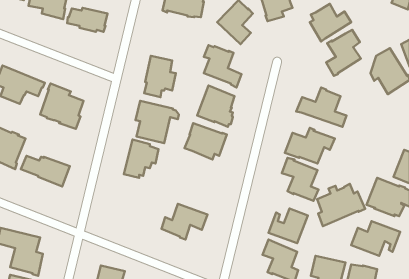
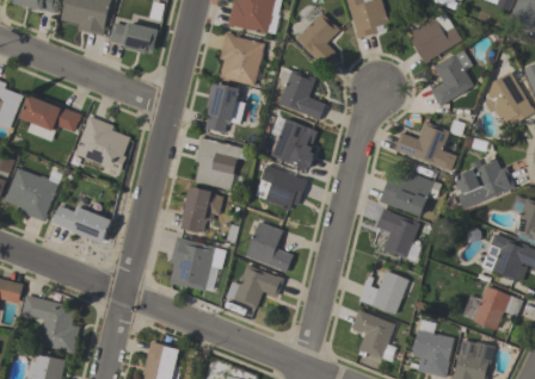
building: none -> [219,32,264,86]
building: none -> [245,222,293,272]
building: none -> [168,236,225,291]
building: [317,184,365,226] -> [455,156,515,209]

